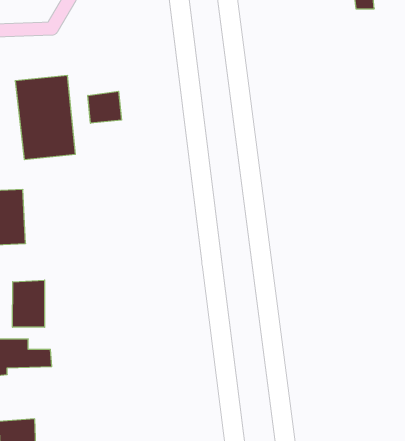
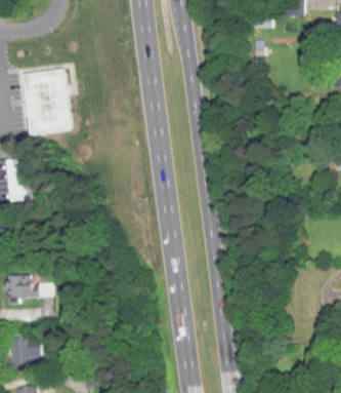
building: [88,91,121,123] -> none
building: [13,280,45,327] -> none

